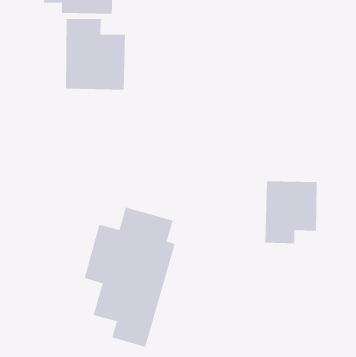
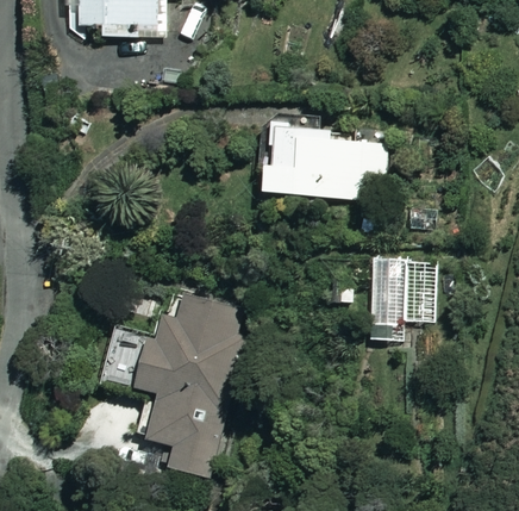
building: [65,18,125,90] -> none
building: none -> [256,119,388,200]

